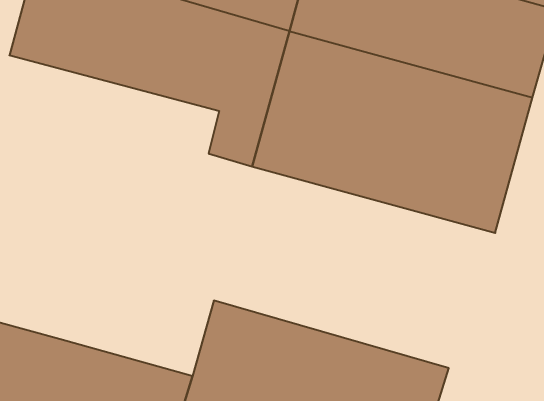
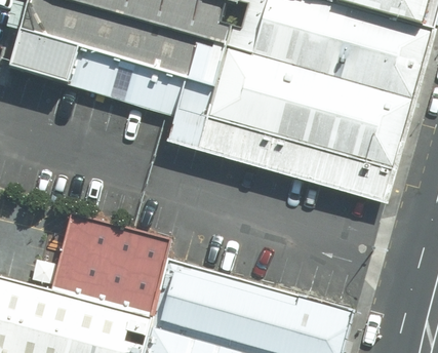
building: none -> [47,210,171,315]

